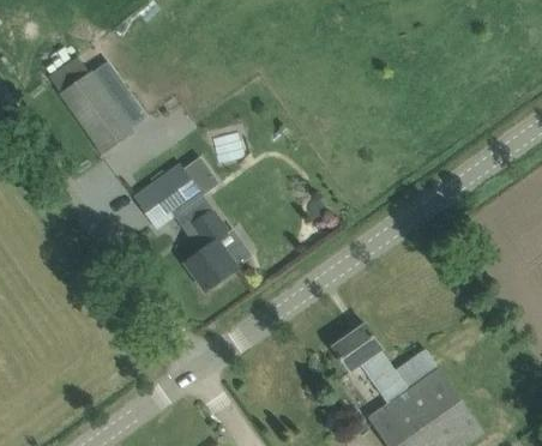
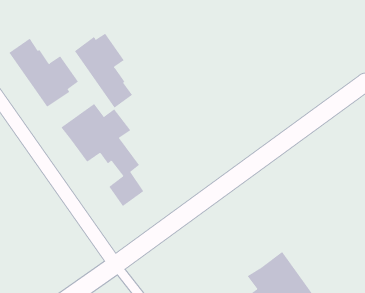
building: none -> [74,33,133,108]
building: [333,325,397,386] -> none

